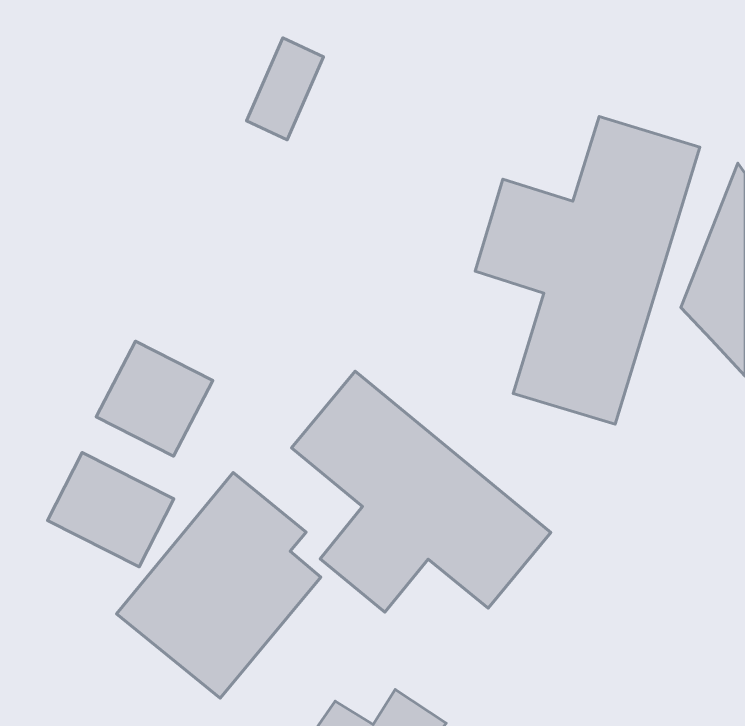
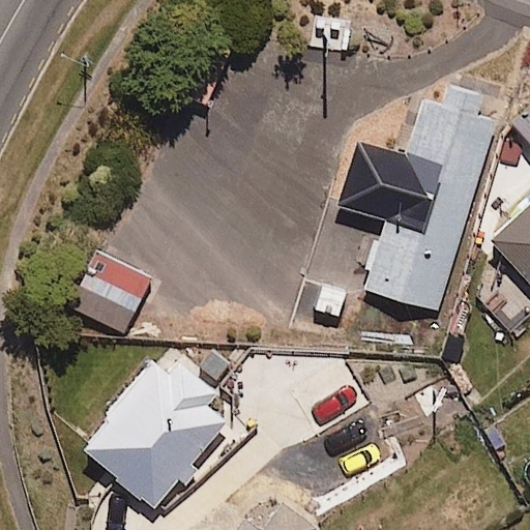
building: [292,371,551,612] -> none
building: [47,453,174,567] -> none

